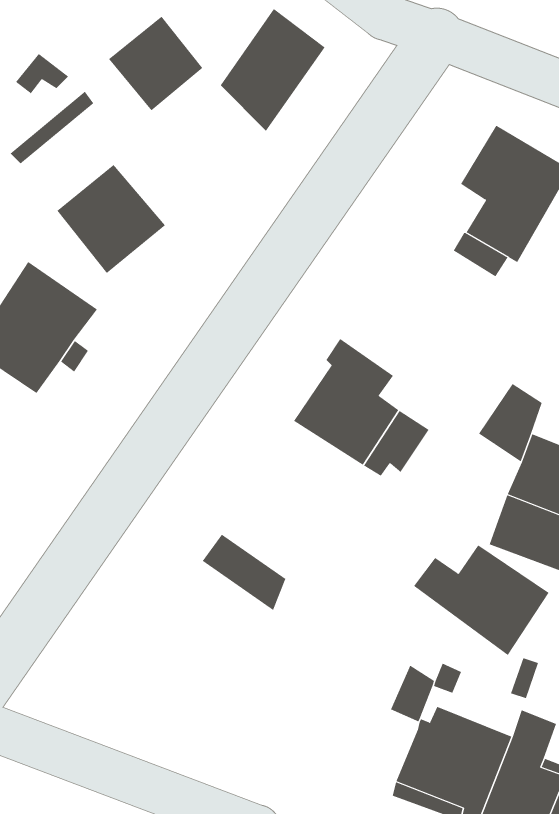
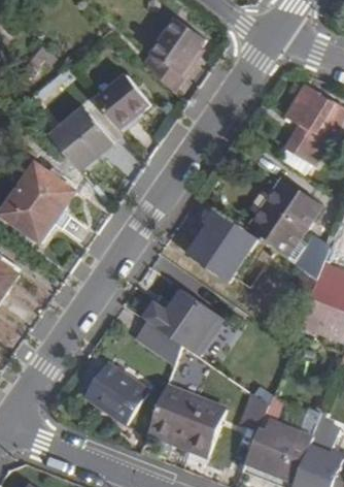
building: [108,16,203,111] -> [95,73,149,128]
building: none -> [246,178,319,256]
building: [413,544,550,656] -> [147,291,226,355]
building: none -> [84,361,147,422]
building: none -> [147,382,226,455]

